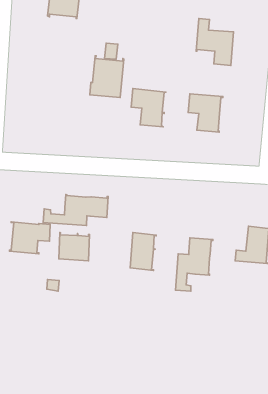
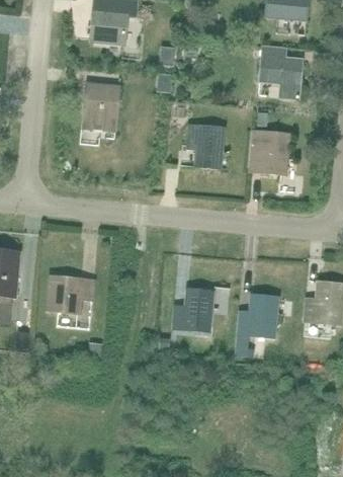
building: [90,56,124,97] -> [81,82,119,130]
building: [43,195,108,225] -> none
building: [59,233,89,261] -> none

